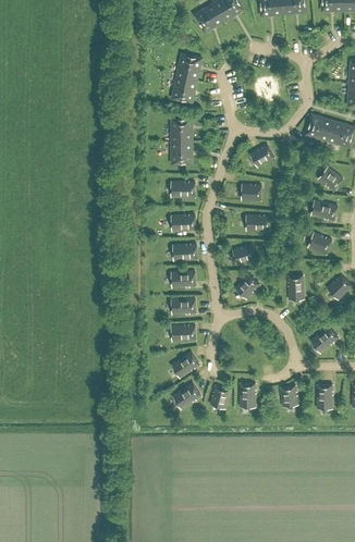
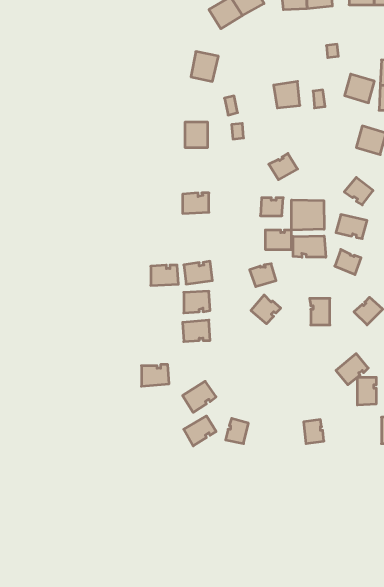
building: [172,74,197,100] -> none
building: [306,112,333,138] -> [345,74,374,103]
building: [172,138,193,161] -> none
building: none -> [292,200,324,230]
building: [170,212,195,231] -> [151,265,178,285]
building: none -> [293,236,326,257]
building: [170,322,195,342] -> [141,365,169,386]
building: [237,383,256,408] -> none
building: [316,384,333,409] -> [357,377,376,405]

